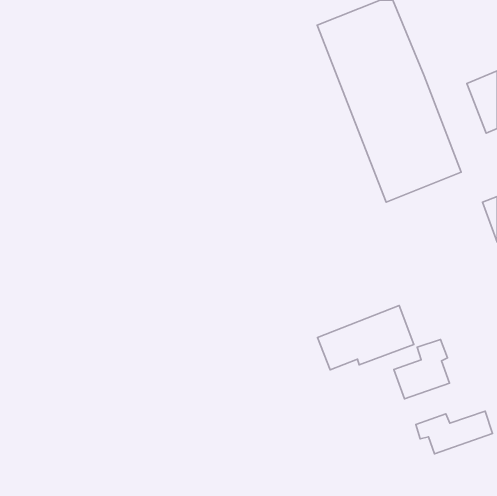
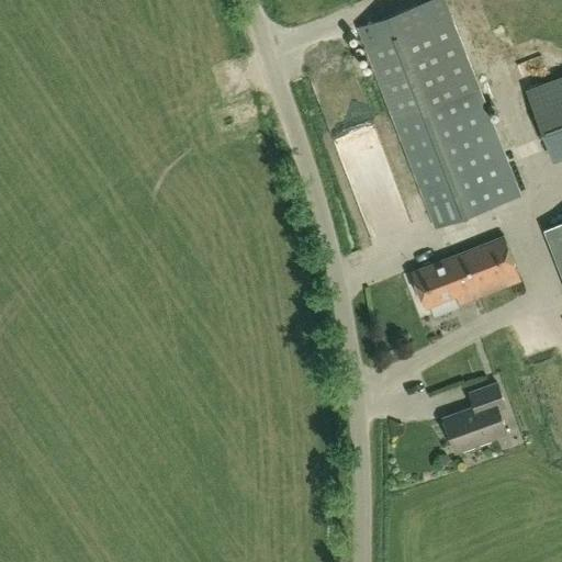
building: [317,306,414,370] -> [413,237,521,310]
building: [416,411,492,454] -> none

